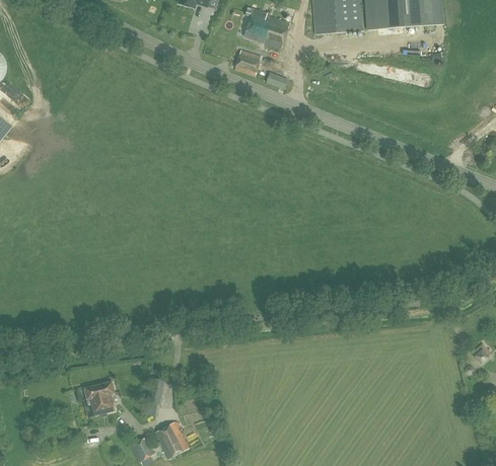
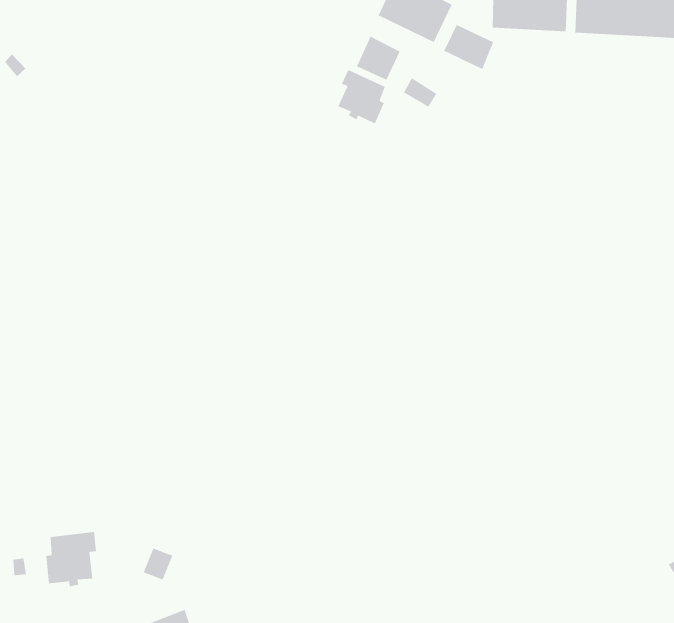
building: none -> [444,24,494,70]
building: none -> [338,69,385,124]

